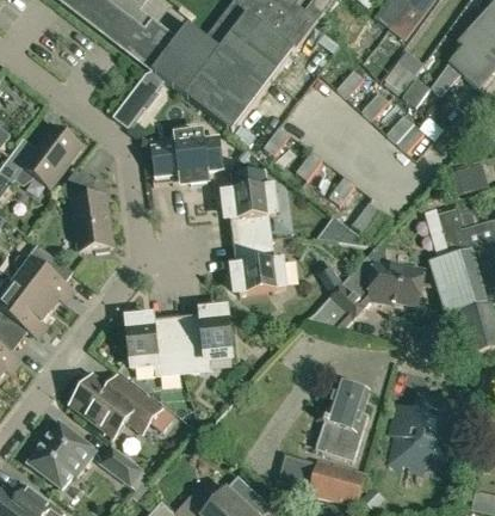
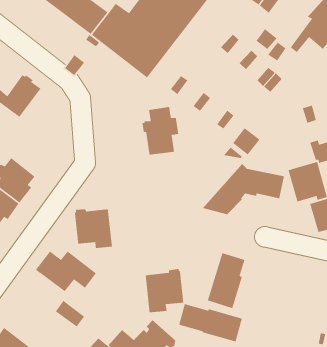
building: [153,131,223,184] -> none
building: [60,166,112,252] -> none
building: [435,209,471,257] -> none
building: [234,236,285,294] -> none
building: [177,307,233,371] -> [145,268,184,313]
building: [388,397,458,469] -> none
building: [27,420,97,489] -> none

